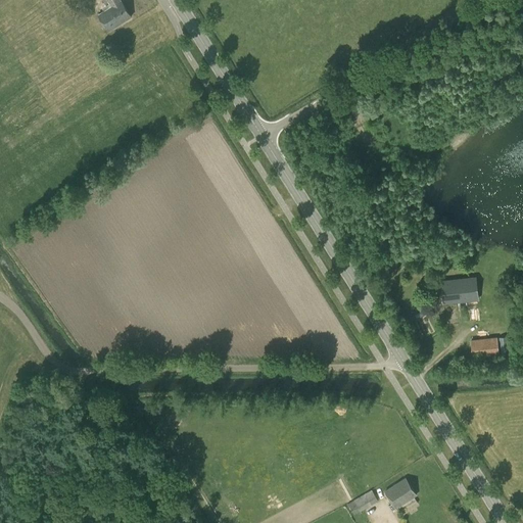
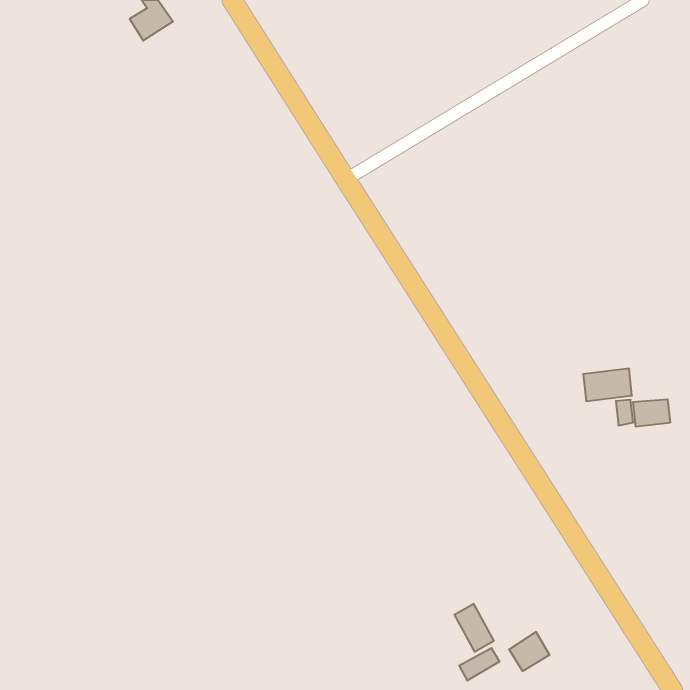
building: [470,337,498,358] -> [633,399,670,426]
building: none -> [455,604,494,652]

